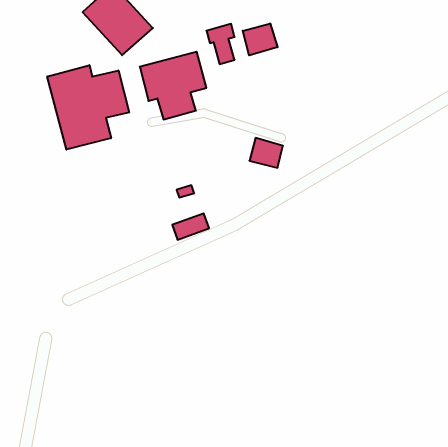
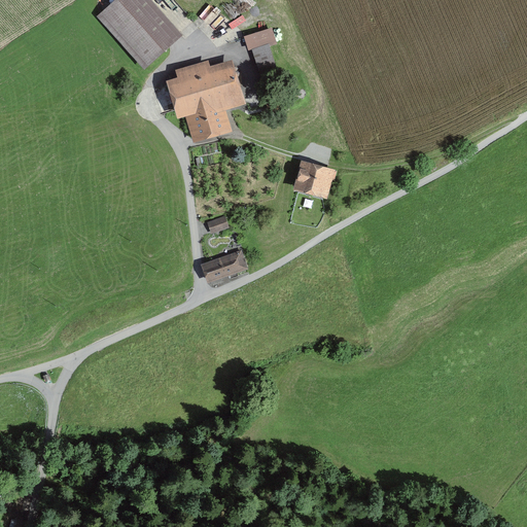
building: [243,23,278,55] -> none
building: [47,65,129,150] -> none

